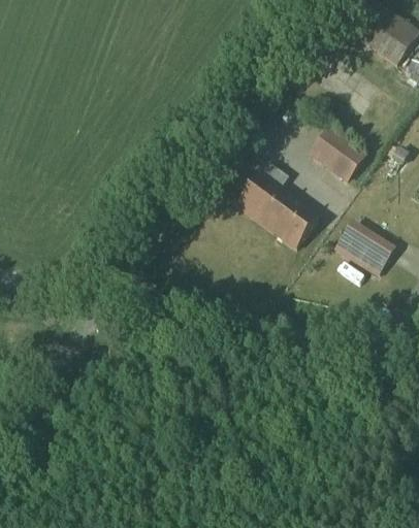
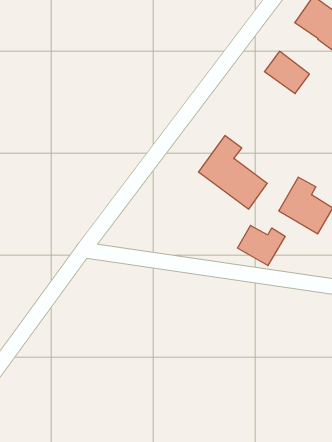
building: [311,128,363,177] -> [264,51,309,94]
building: none -> [237,225,285,266]

